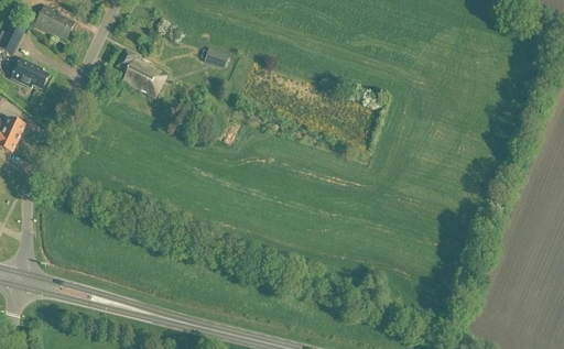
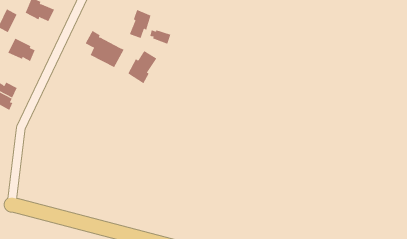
building: none -> [129,9,151,39]
building: none -> [128,50,157,84]

